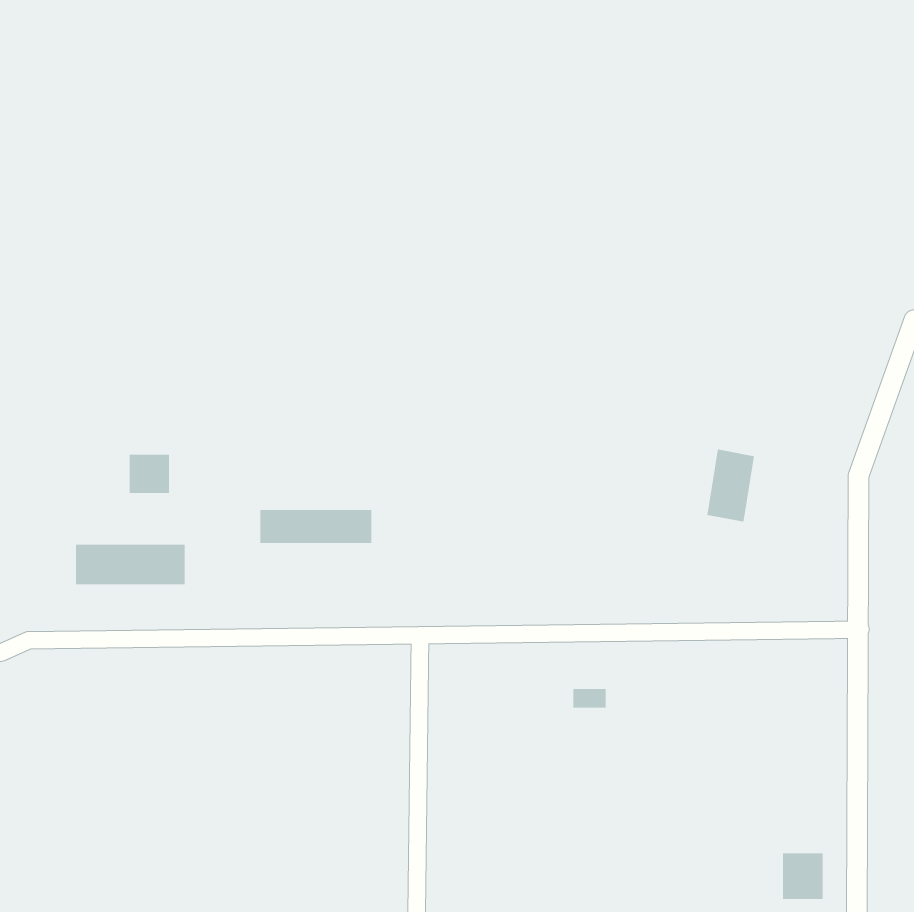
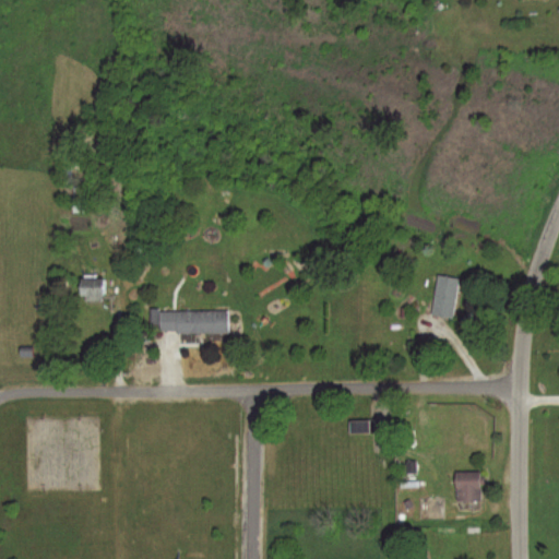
building: [76,544,185,585] -> none
building: [782,853,823,899] -> [454,472,479,500]

